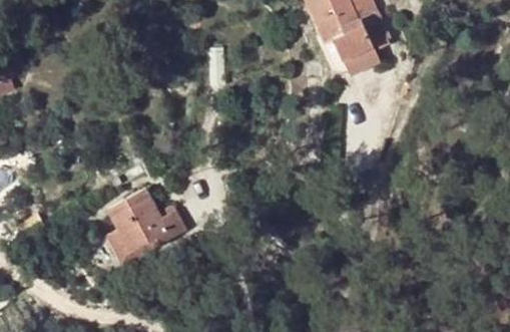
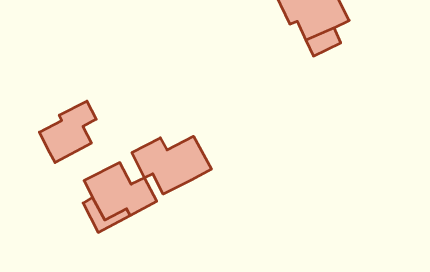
building: none -> [39,101,96,163]
building: none -> [132,136,211,194]

